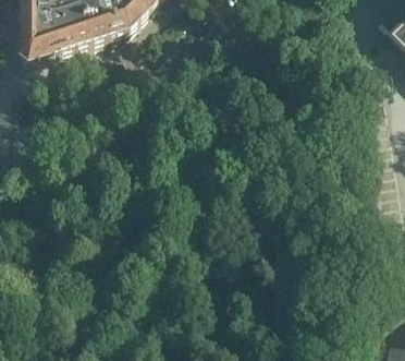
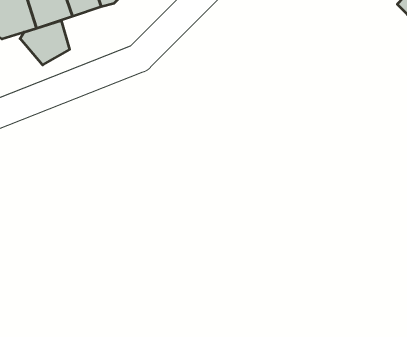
building: none -> [20,21,70,65]

